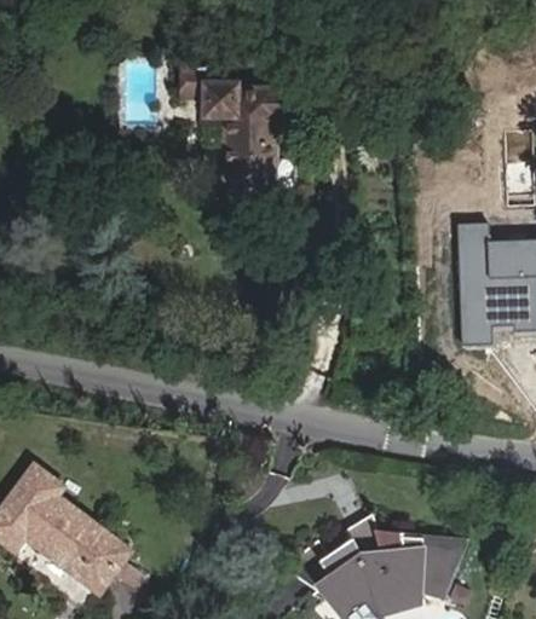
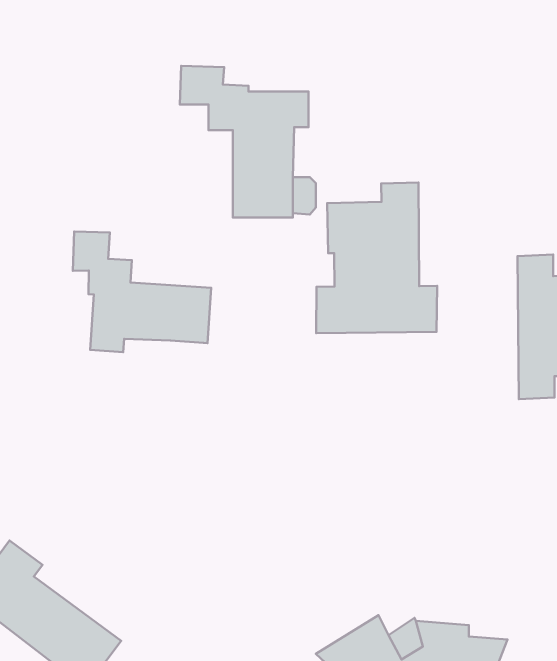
building: none -> [316,183,437,333]
building: none -> [73,231,211,352]

